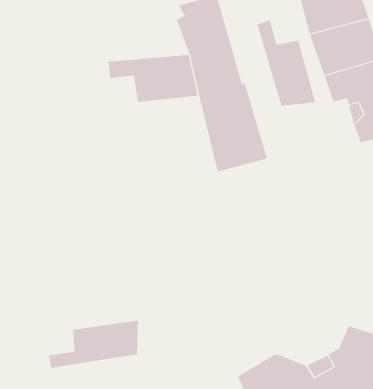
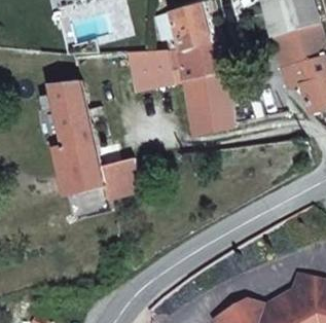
building: [257,20,316,107] -> none
building: none -> [41,78,140,206]
building: [48,320,138,369] -> none

